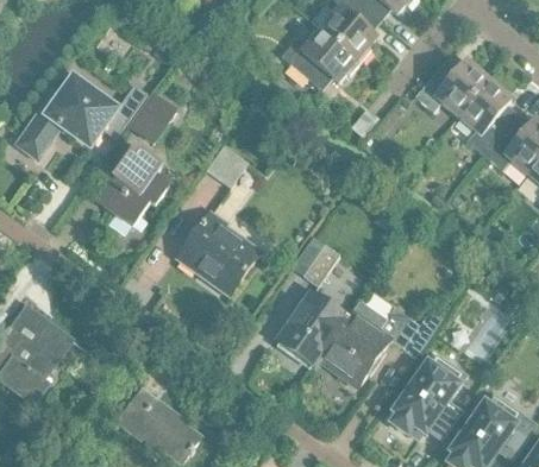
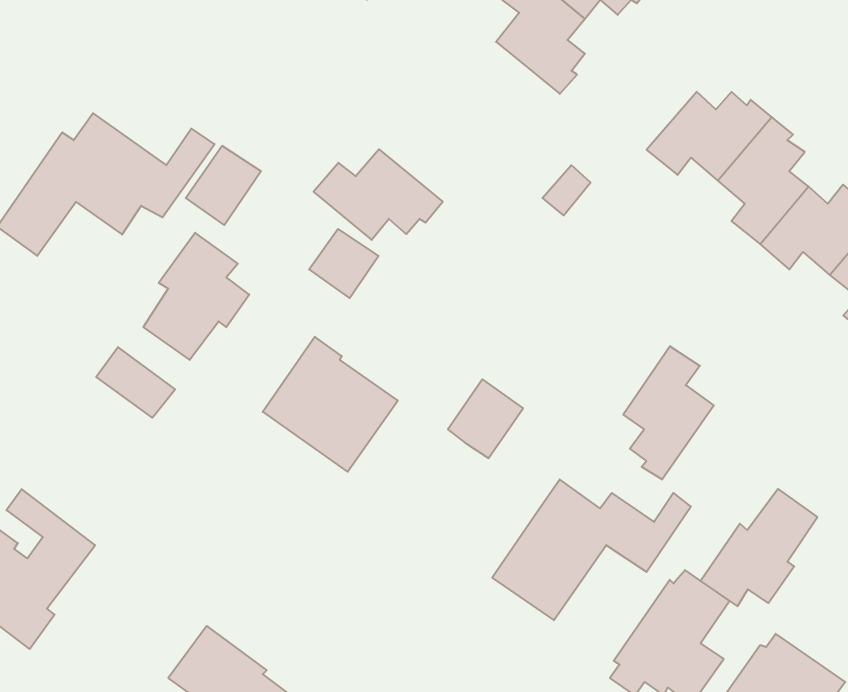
building: [280,30,359,86] -> [314,149,443,240]
building: none -> [623,346,714,480]
building: none -> [96,347,175,418]
building: [274,292,346,367] -> none
building: none -> [700,489,817,606]

